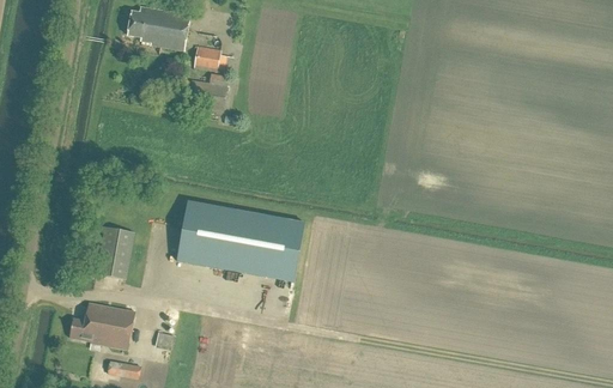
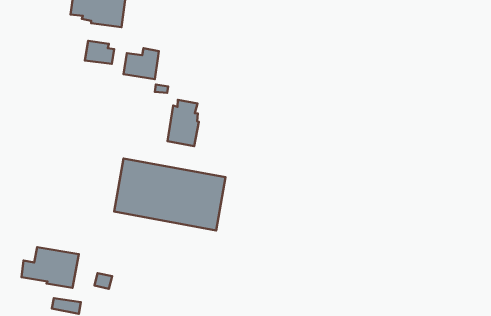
building: [193,46,226,72] -> [85,41,114,64]
building: none -> [167,100,199,146]
building: [95,225,134,278] -> none

